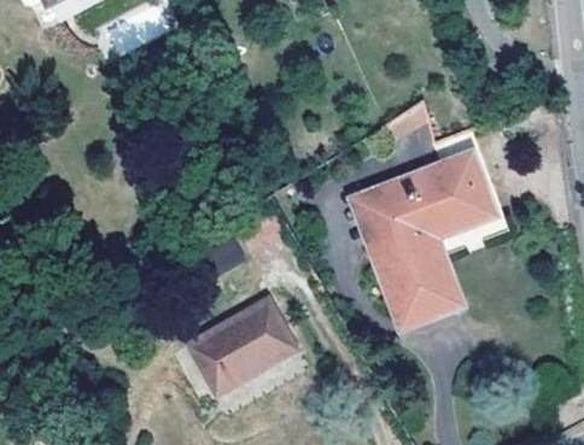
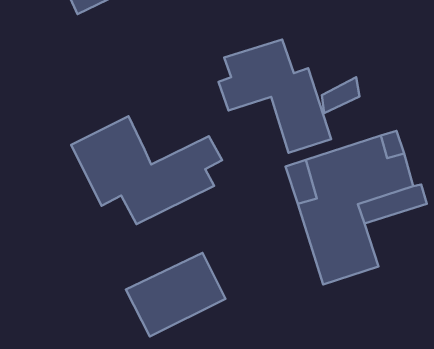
building: none -> [218,40,331,153]
building: none -> [71,116,222,224]

